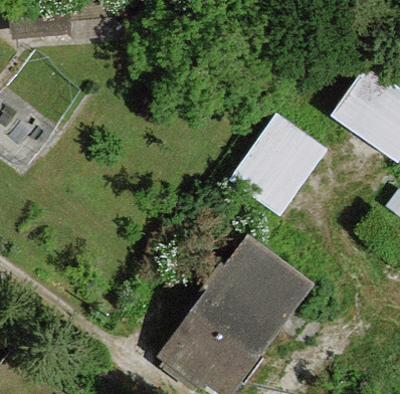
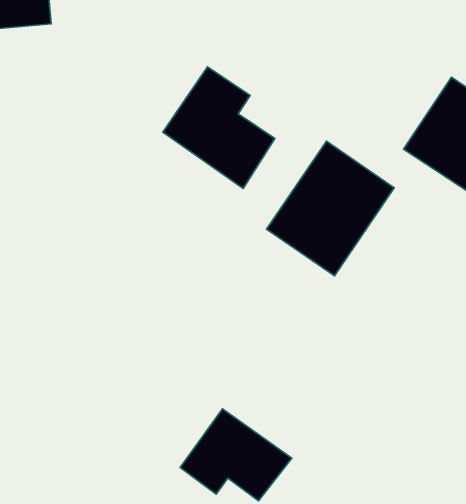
building: none -> [163,67,275,188]
building: [187,246,301,354] -> none

